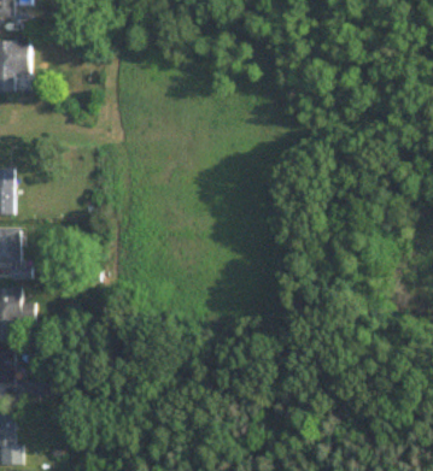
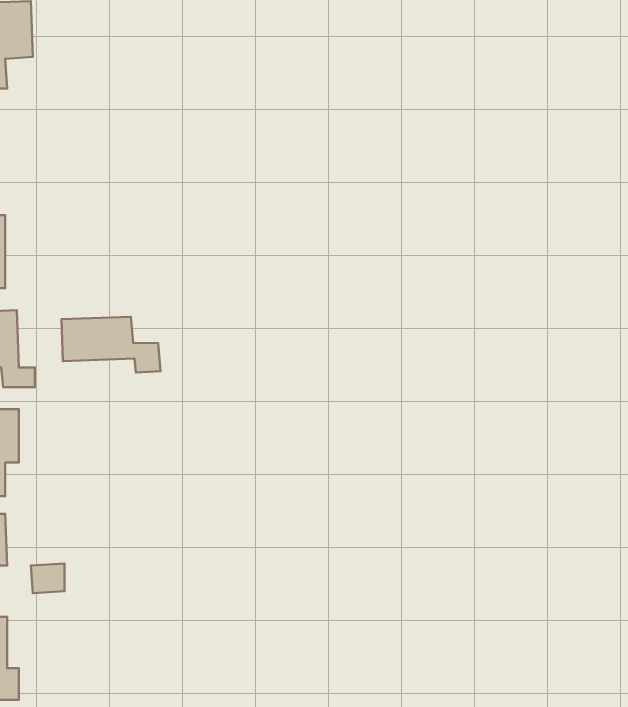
building: none -> [62,317,160,373]

